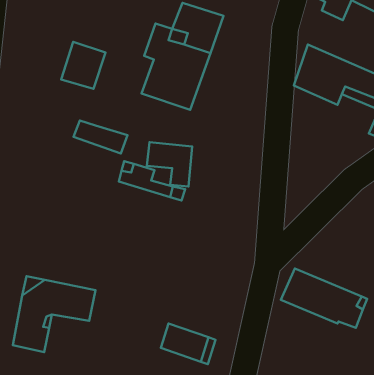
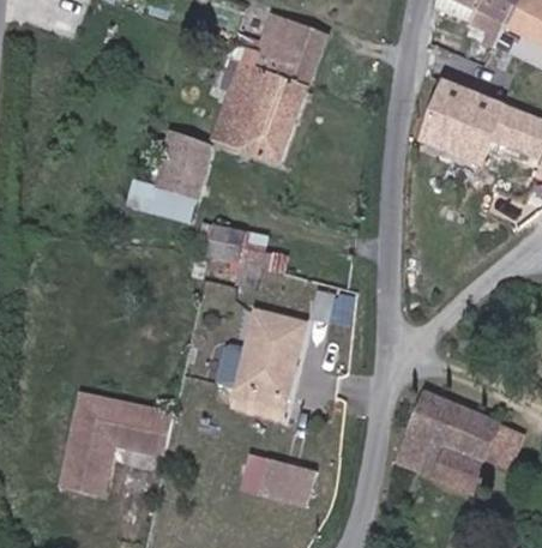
building: [61,42,106,89] -> [153,136,215,200]
building: none -> [209,309,295,414]
building: none -> [397,427,487,488]

